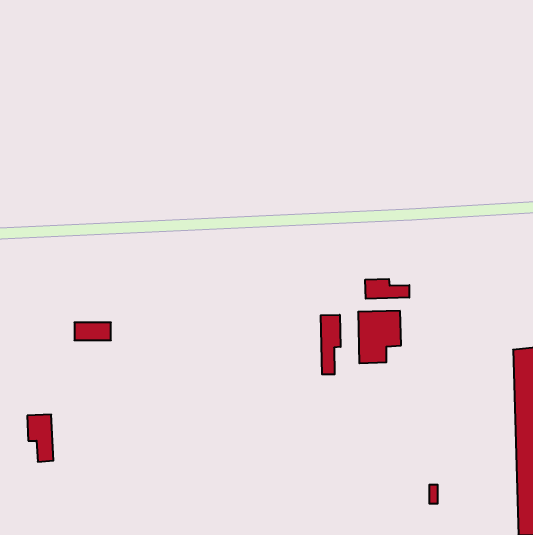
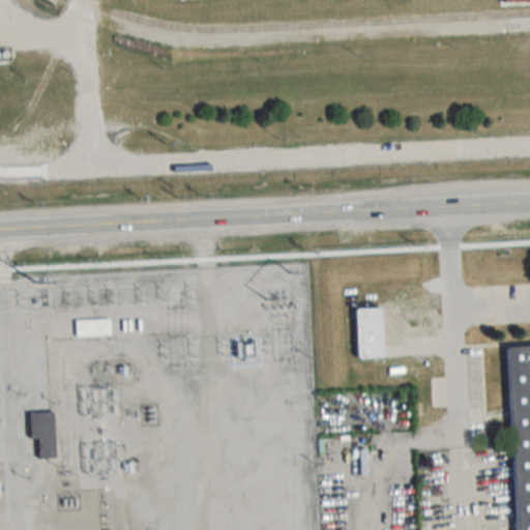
building: [365,279,409,299] -> none
building: [321,315,341,374] -> none

